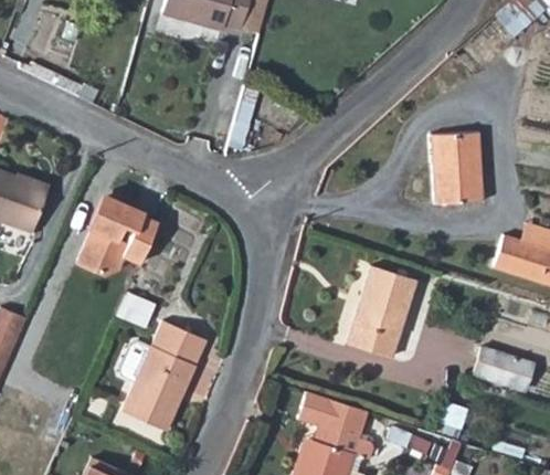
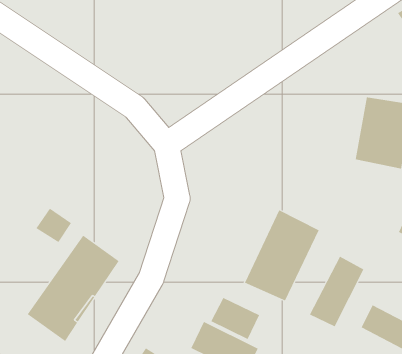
building: [80,193,158,270] -> none
building: none -> [309,256,364,327]
building: none -> [211,297,260,340]

